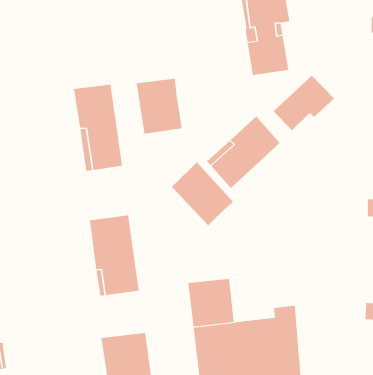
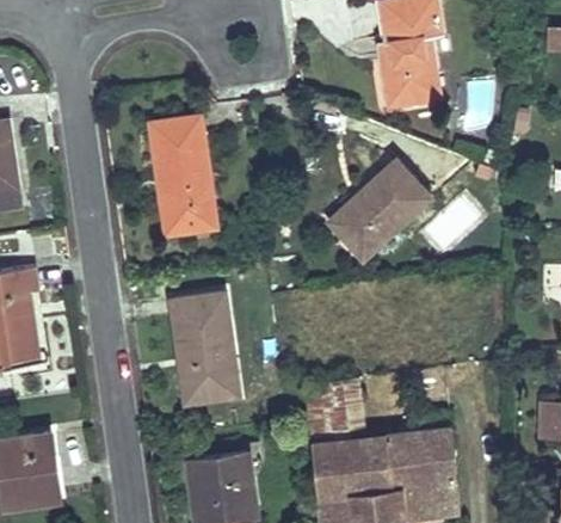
building: [273,75,335,131] -> none
building: [136,78,182,134] -> none
building: [171,161,234,226] -> none

